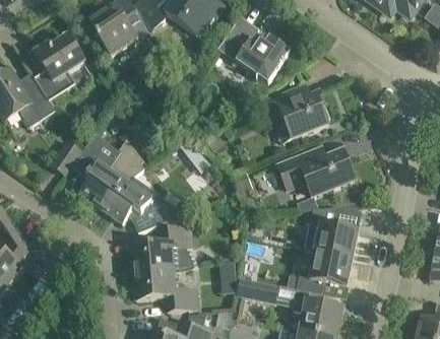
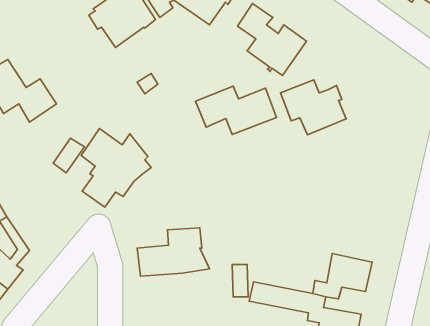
building: [35,37,83,100] -> none
building: [277,150,354,196] -> [196,86,276,135]
building: [101,177,176,232] -> none
building: [305,205,358,259] -> none
building: [134,269,198,311] -> none

